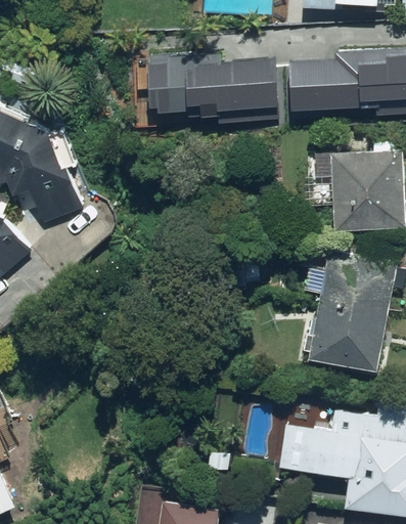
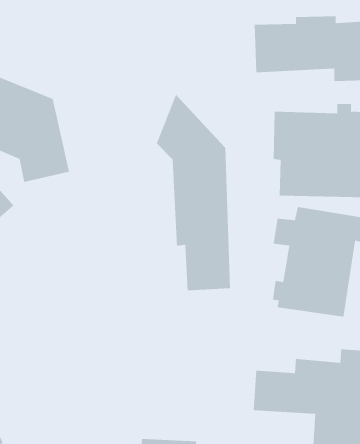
building: [139,52,275,124] -> none
building: none -> [156,94,231,291]

